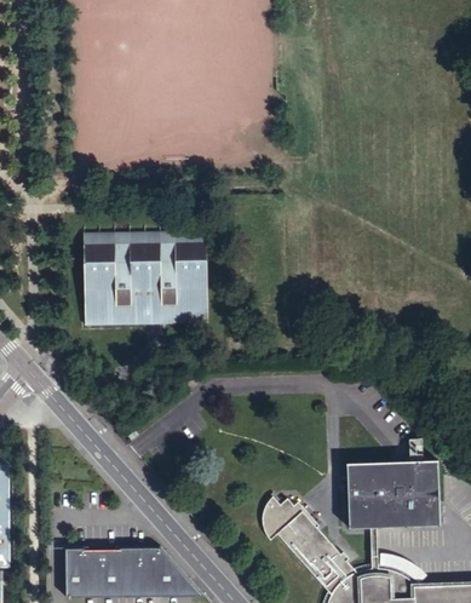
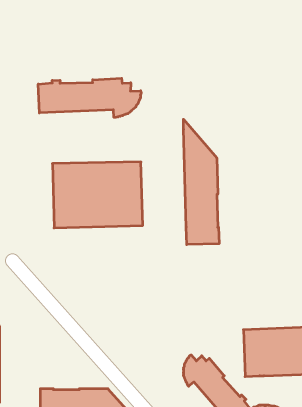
building: none -> [38,78,141,117]
building: none -> [183,119,219,245]

